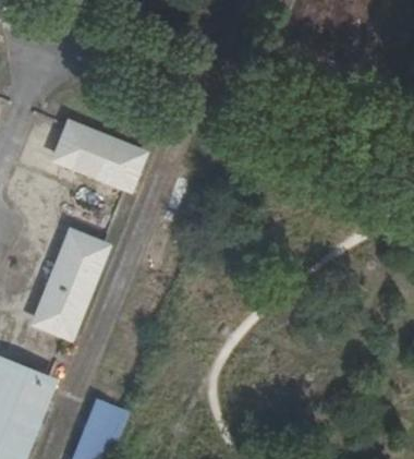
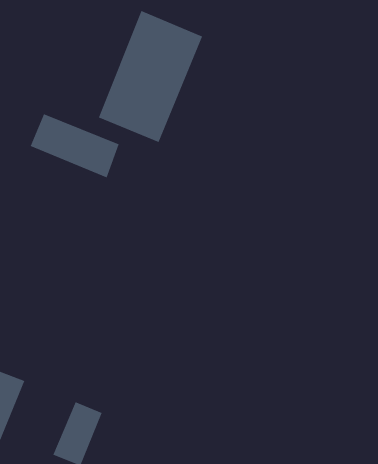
building: none -> [98,10,203,143]
building: [37,231,105,331] -> none

